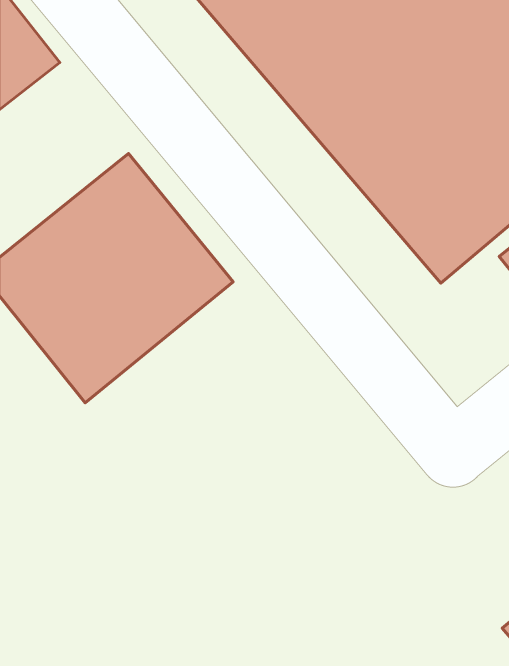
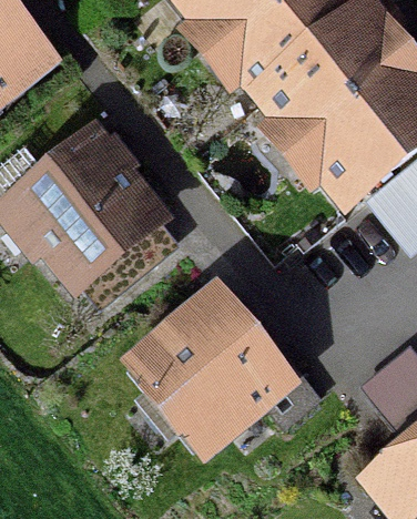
building: none -> [129,283,296,449]

